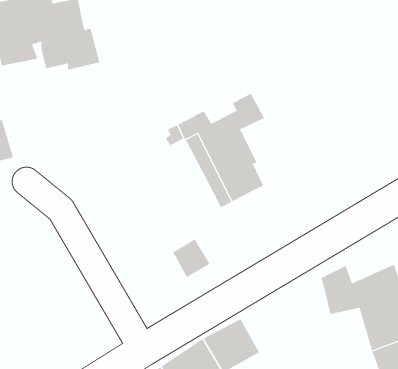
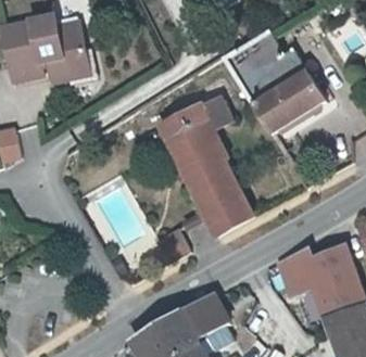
building: none -> [224,31,326,135]
building: none -> [198,182,254,239]

